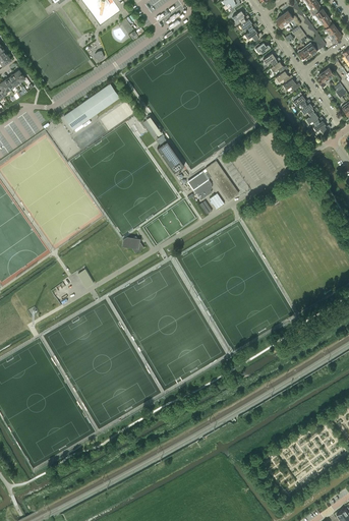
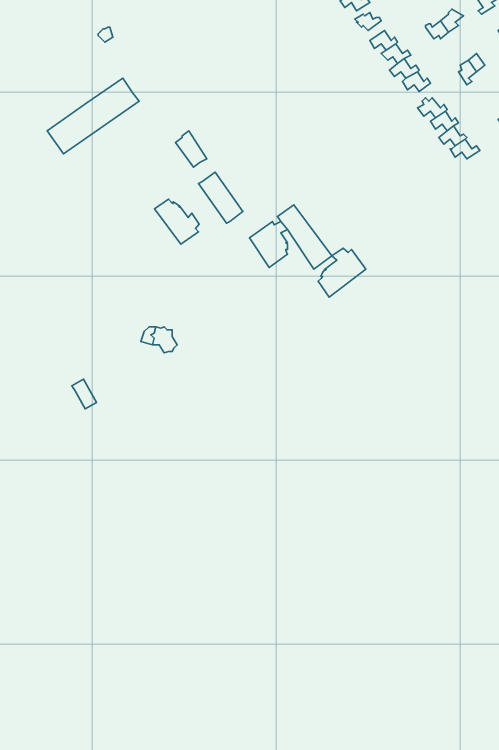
building: none -> [155,199,199,244]
building: none -> [318,248,366,297]

